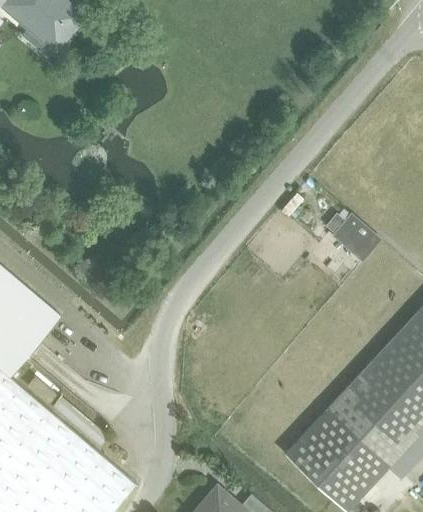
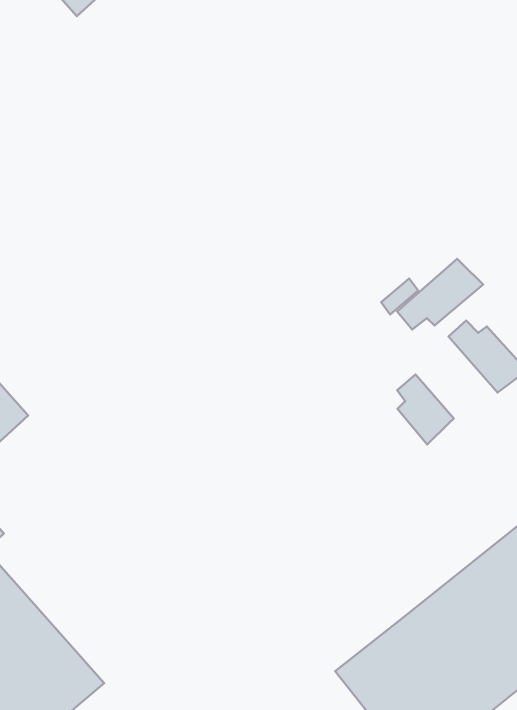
building: none -> [397,259,483,330]
building: none -> [397,375,454,444]

